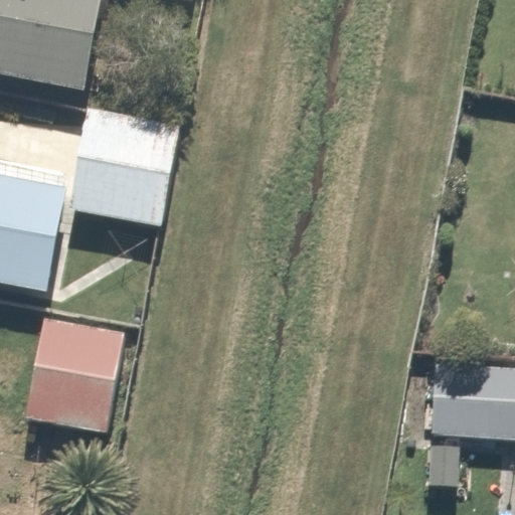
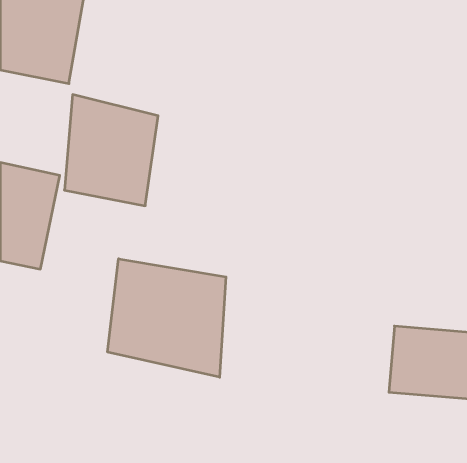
building: none -> [108,259,226,377]
building: [20,324,121,433] -> none

